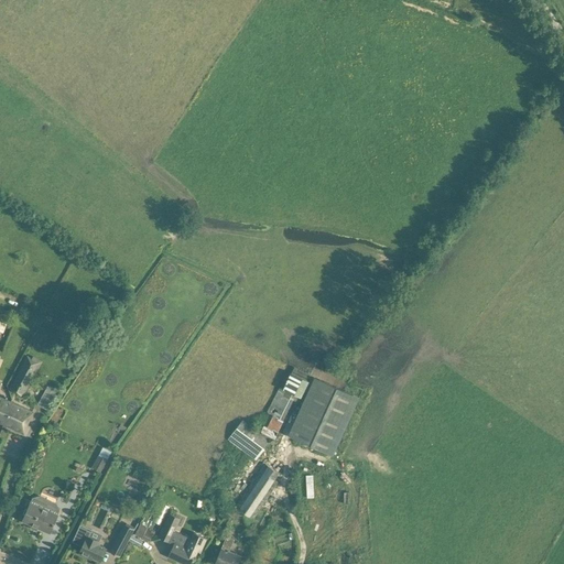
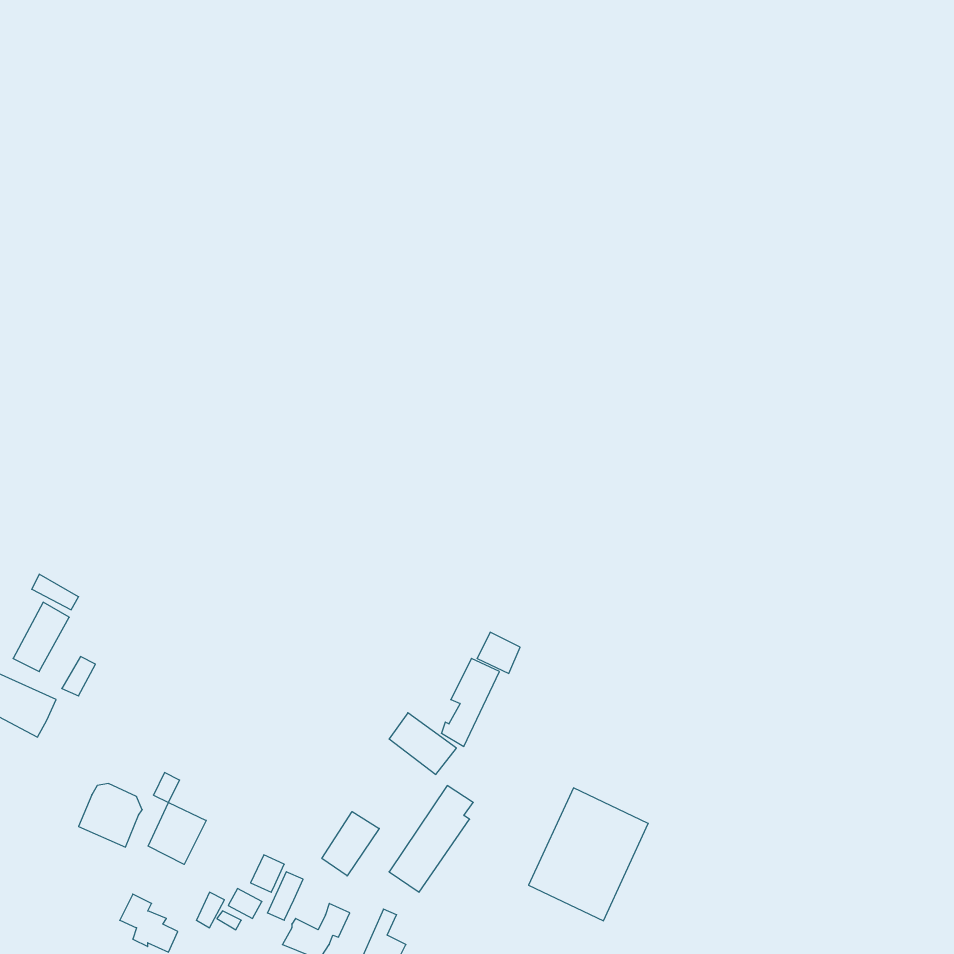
building: [288,378,358,456] -> [529,788,648,921]
building: none -> [148,802,206,864]
building: none -> [322,812,379,876]
building: [21,497,58,534] -> [79,784,142,847]

